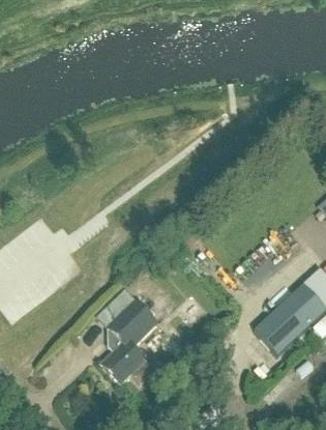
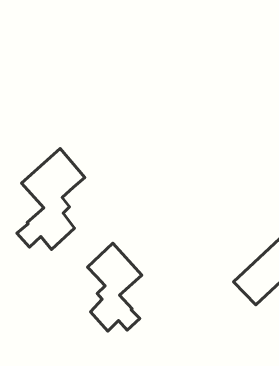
building: none -> [17,148,85,249]

